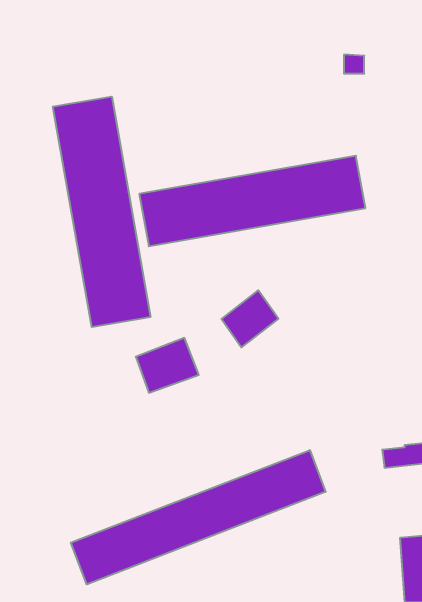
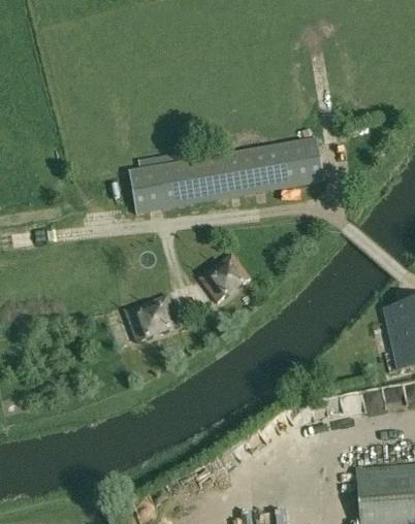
building: [53,97,150,327] -> none
building: [71,450,326,584] -> none

